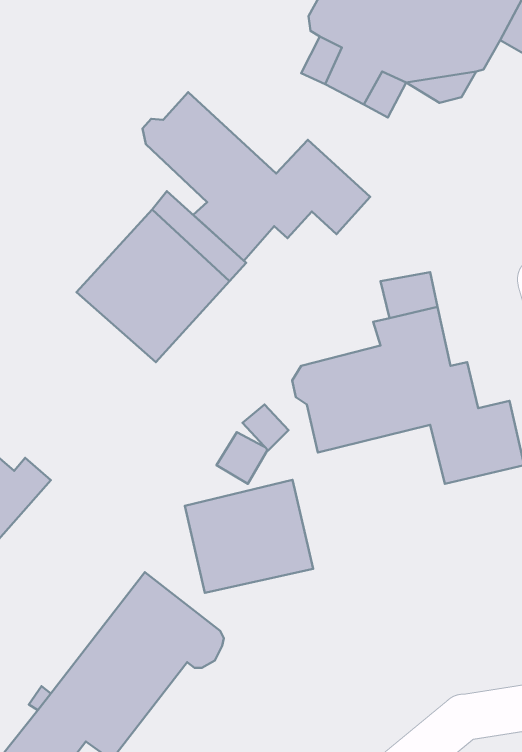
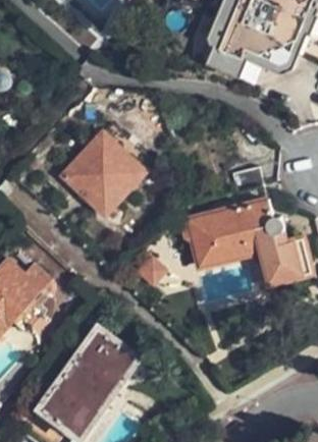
building: [143,92,370,261] -> none
building: [185,480,313,593] -> none

